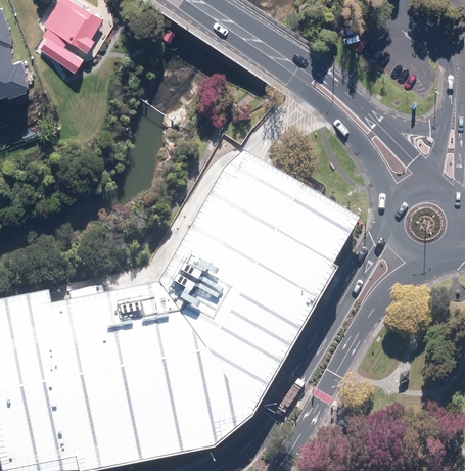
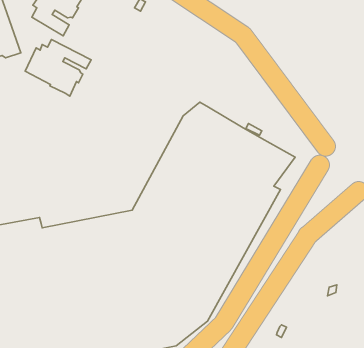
building: none -> [25,40,91,96]

